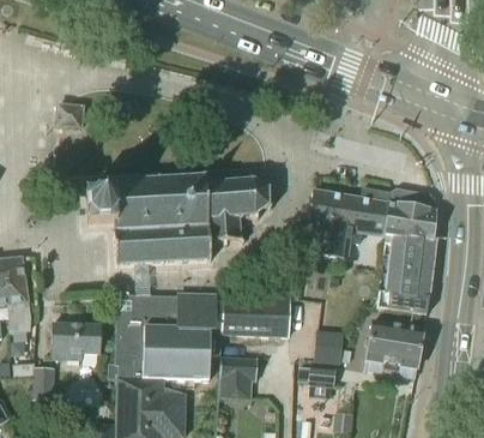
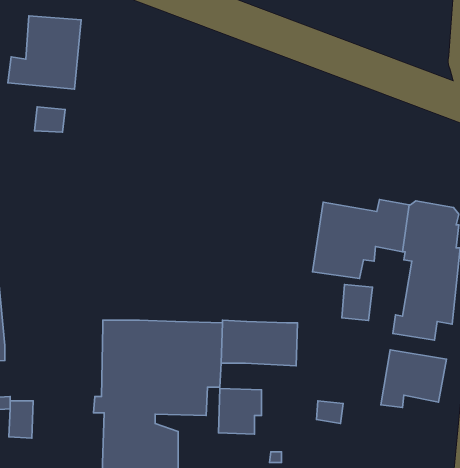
building: none -> [8,16,81,89]
building: [85,174,268,264] -> none
building: [49,323,101,358] -> none
building: [315,330,343,362] -> [342,284,373,321]

